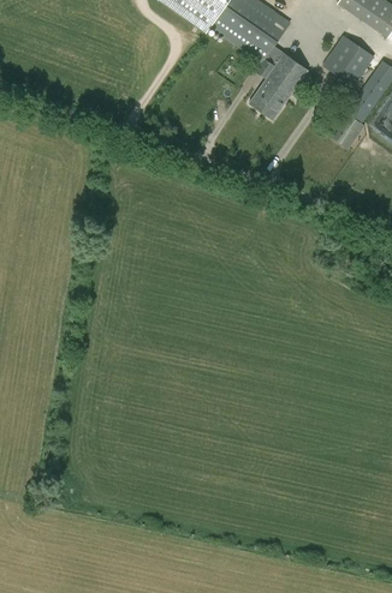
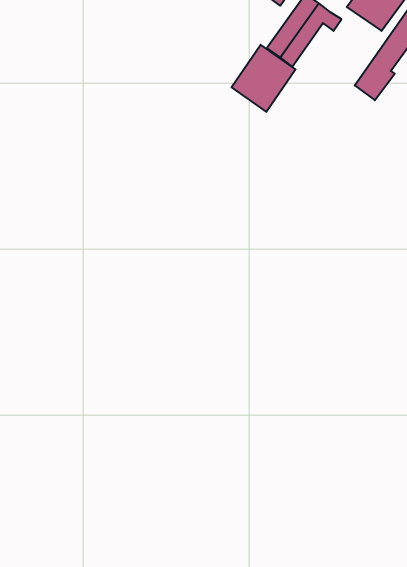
building: none -> [232,45,296,112]

